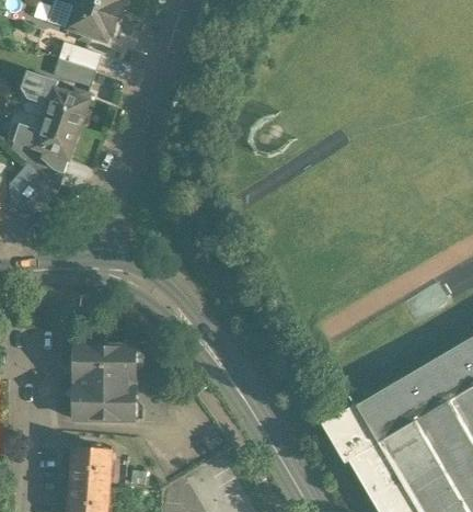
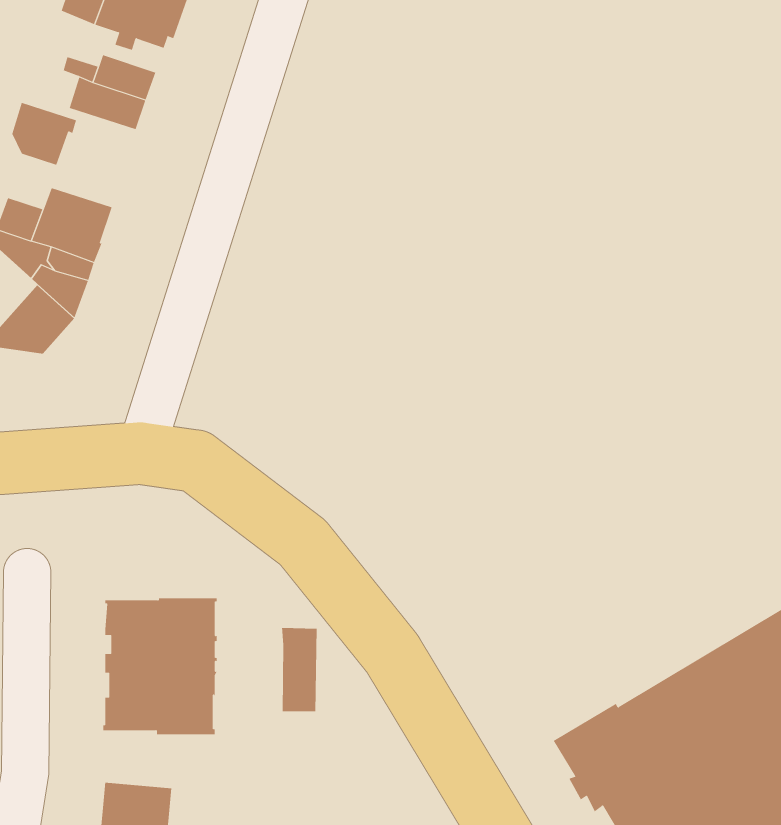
building: [44,87,89,128] -> none
building: none -> [282,627,317,712]

